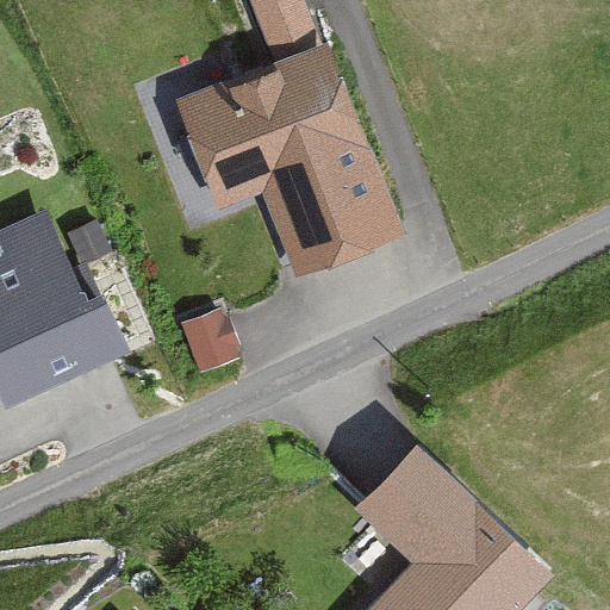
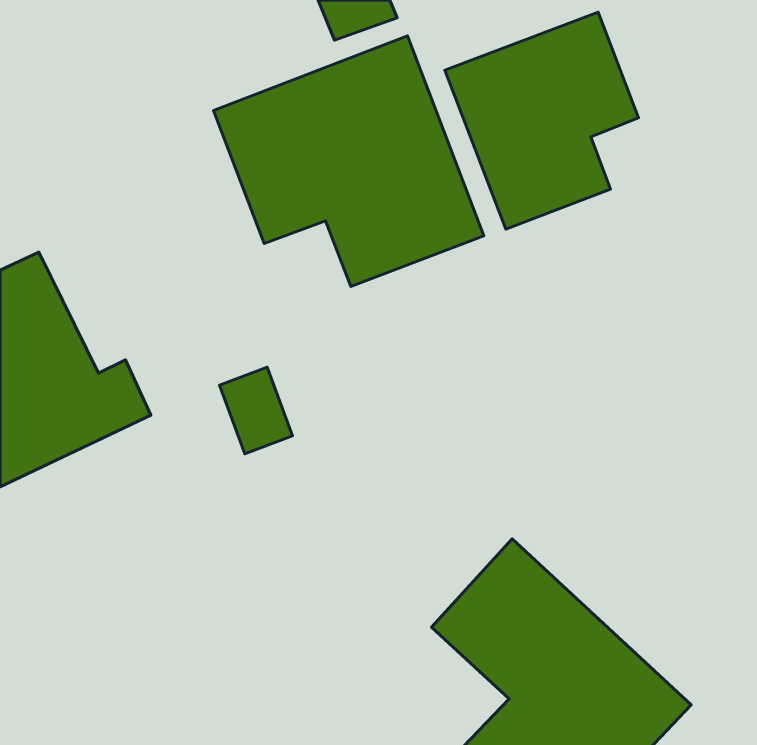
building: none -> [445,12,639,229]

